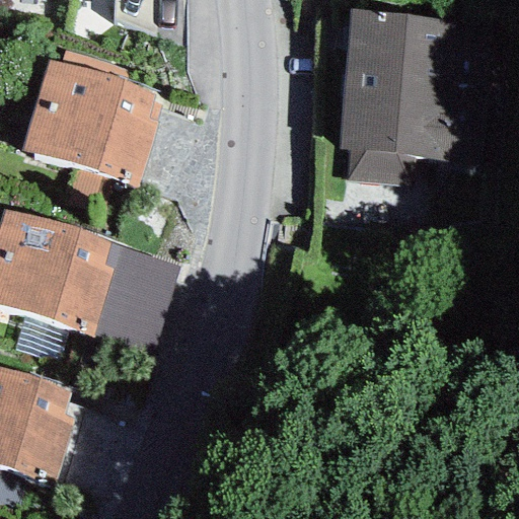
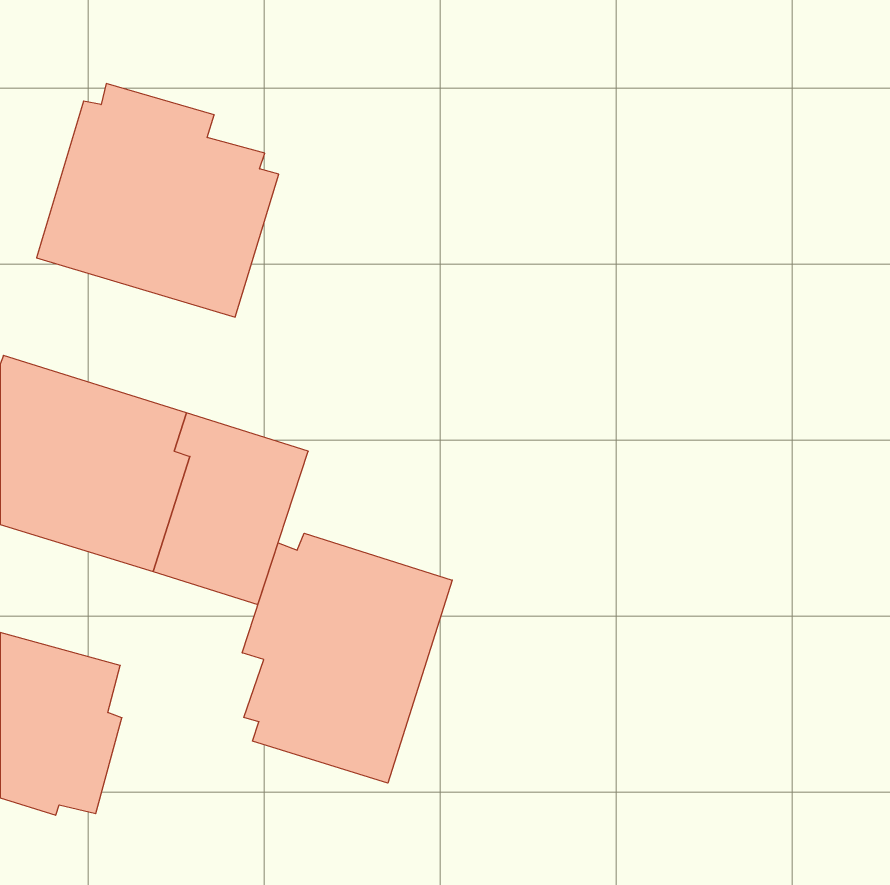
building: [338,8,473,184] -> none
building: none -> [242,533,452,783]

